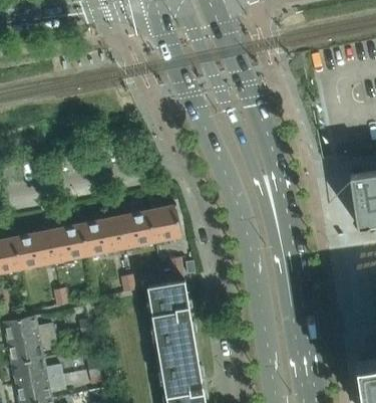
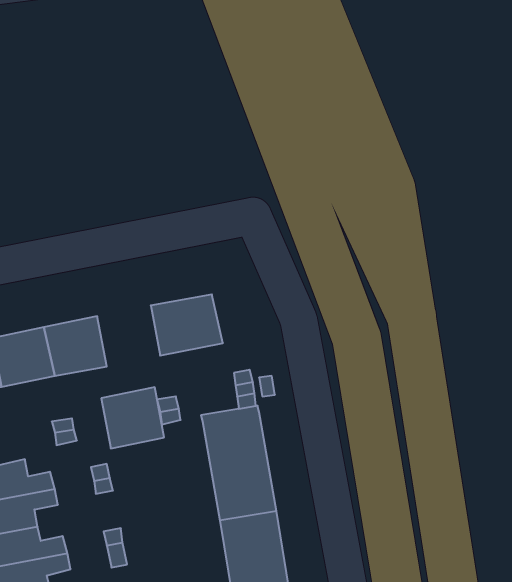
building: [154,204,181,240] -> none
building: [81,216,121,255] -> [101,387,164,448]

